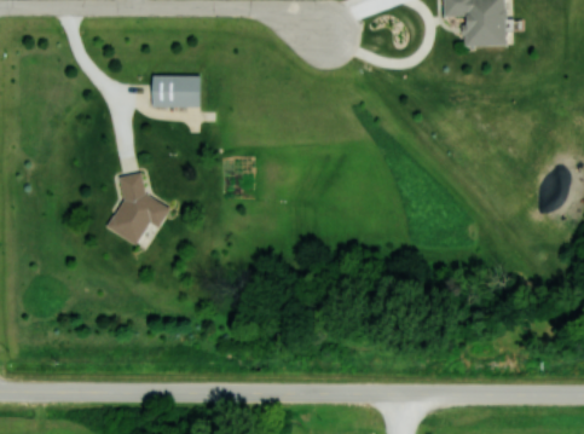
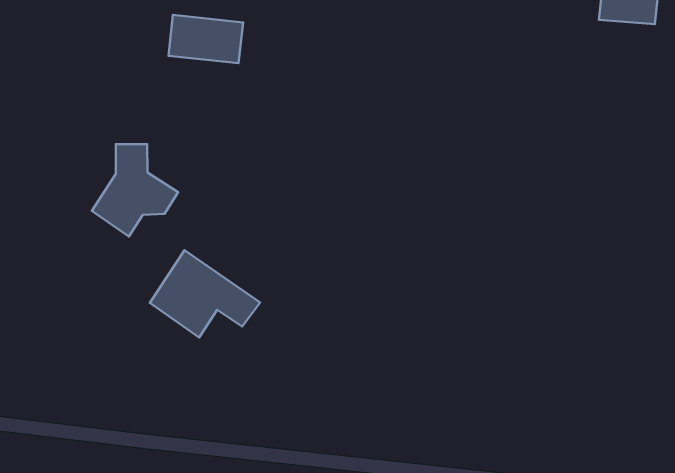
building: none -> [150,250,260,337]

